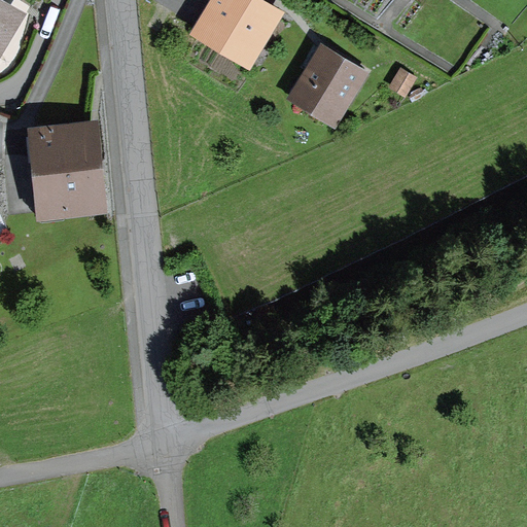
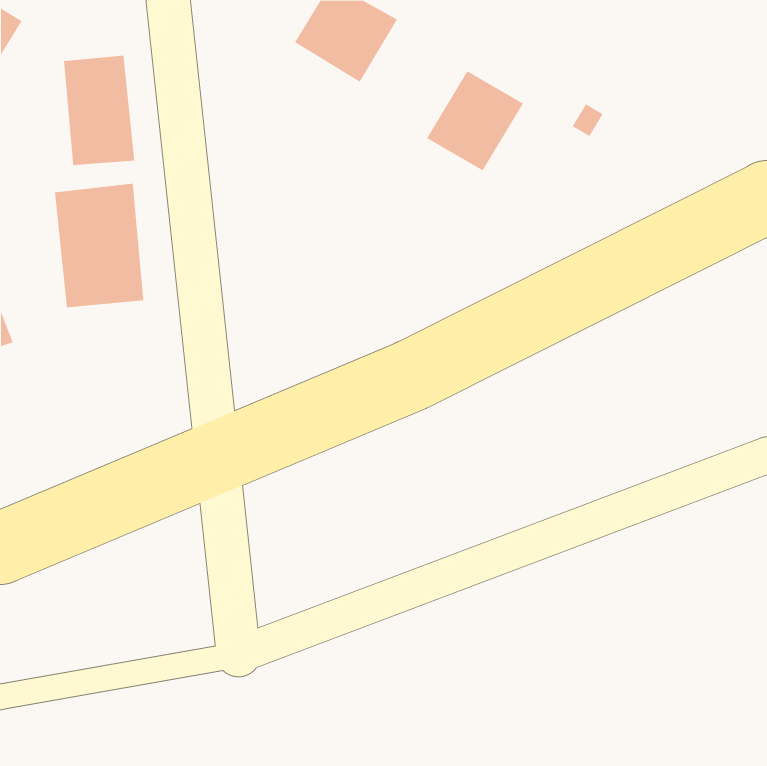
building: none -> [63,55,135,166]

